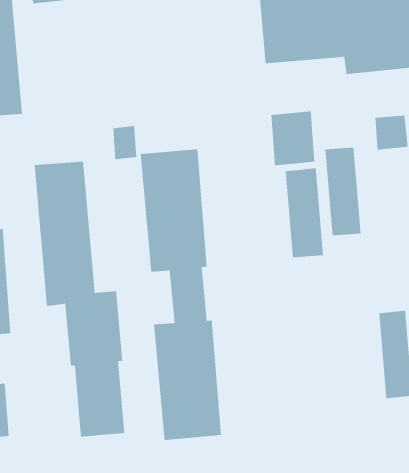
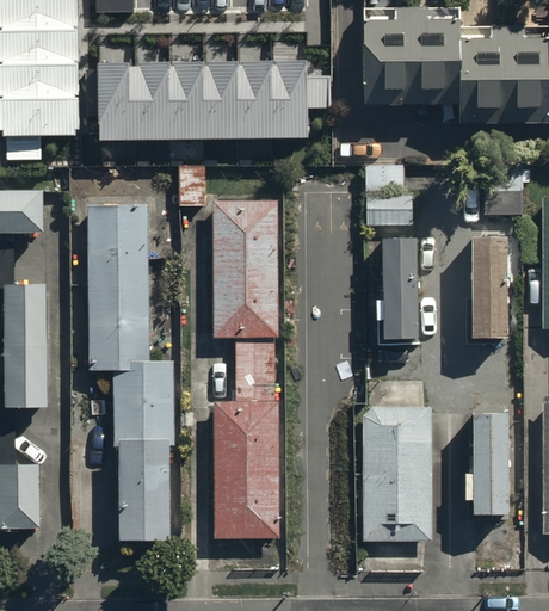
building: none -> [101,72,332,144]
building: [324,147,361,236] -> [470,230,506,332]
building: none -> [364,407,432,539]

